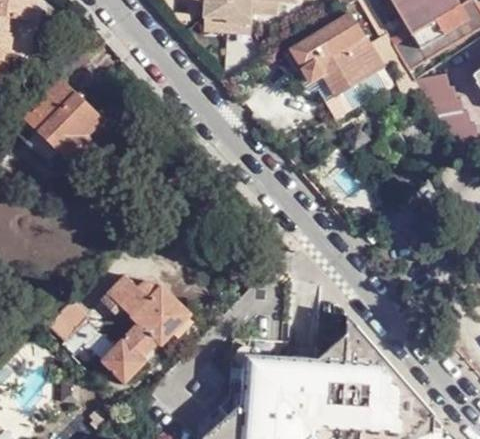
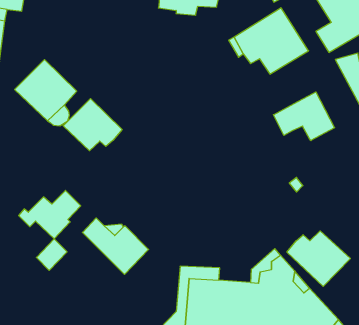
building: none -> [273,92,335,141]
building: none -> [63,99,122,151]
building: none -> [287,231,350,286]
building: [78,324,155,384] -> [19,190,81,239]

